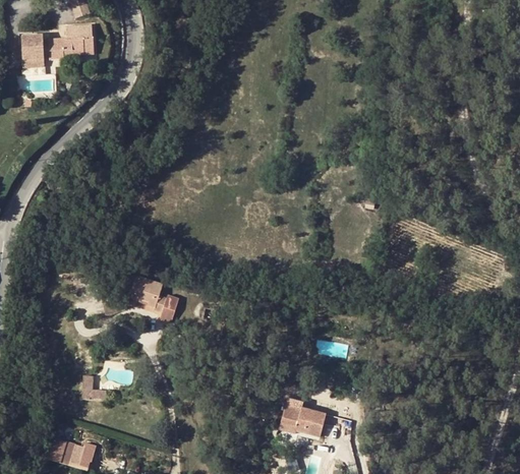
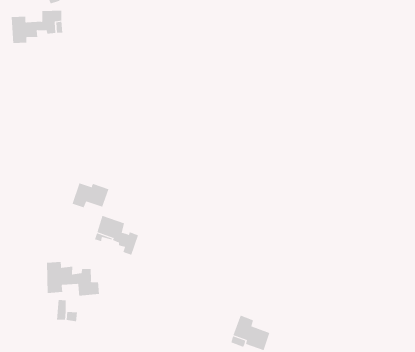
building: none -> [72,182,109,208]
building: none -> [46,261,99,296]

